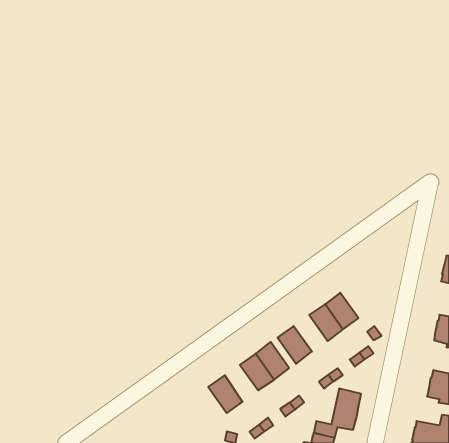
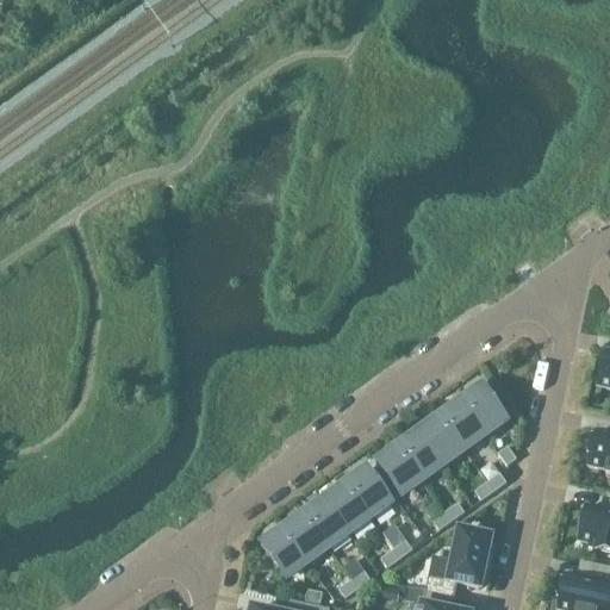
building: none -> [461,381,508,431]
building: none -> [398,427,444,477]
building: none -> [305,494,350,544]
building: none -> [261,524,307,575]

